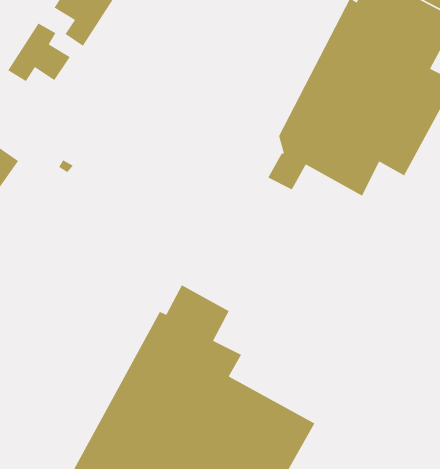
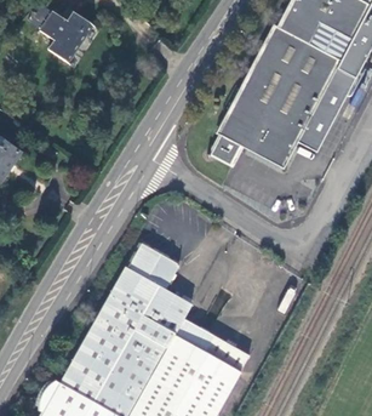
building: [7,22,71,82] -> none

